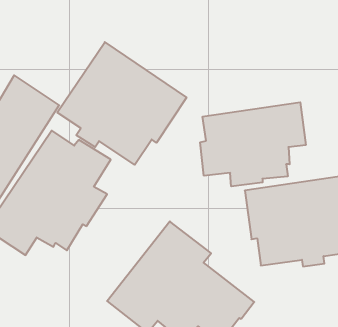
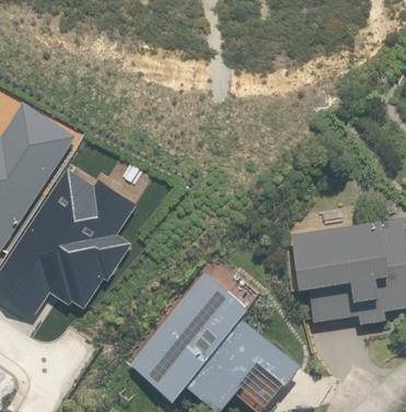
building: [57,42,186,165] -> none
building: [200,102,306,186] -> none

